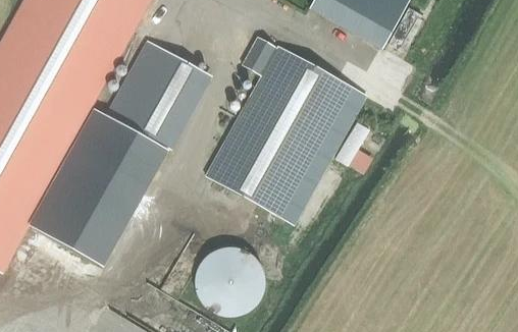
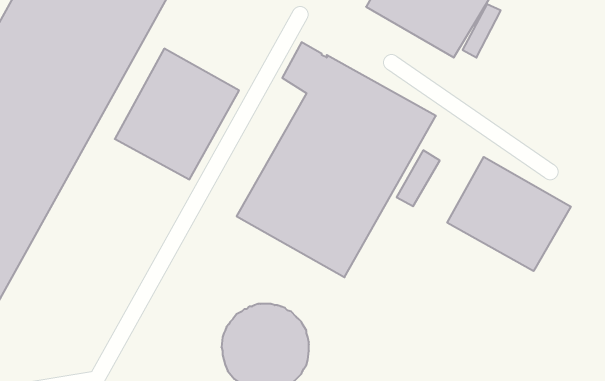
building: [27,108,168,268] -> none
building: none -> [447,157,571,271]

